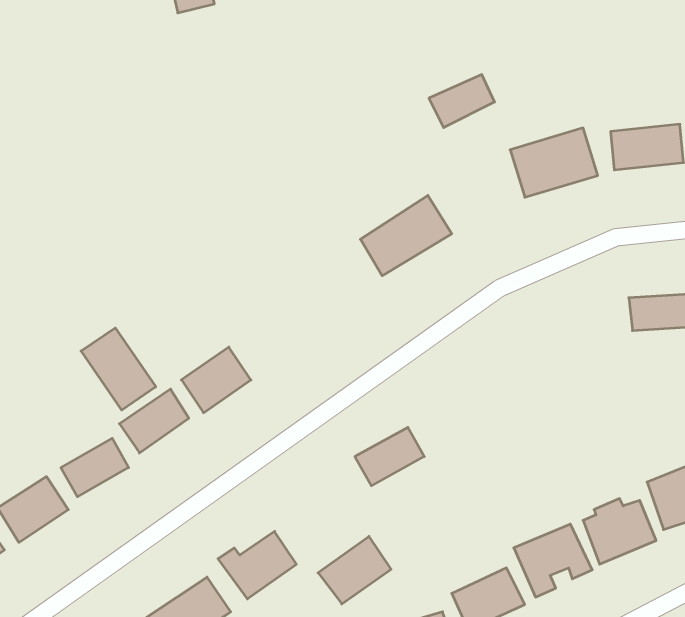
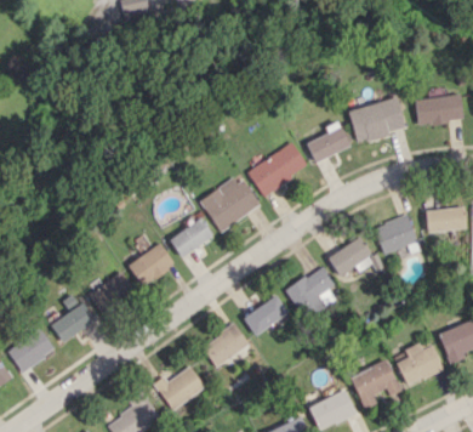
building: [429,75,495,128] -> [306,127,349,163]
building: none -> [199,174,260,232]
building: none -> [374,214,418,255]
building: none -> [169,218,213,257]
building: [81,328,156,410] -> none
building: none -> [329,235,383,277]
building: none -> [286,265,337,319]
building: [318,536,391,604] -> [201,323,250,368]

